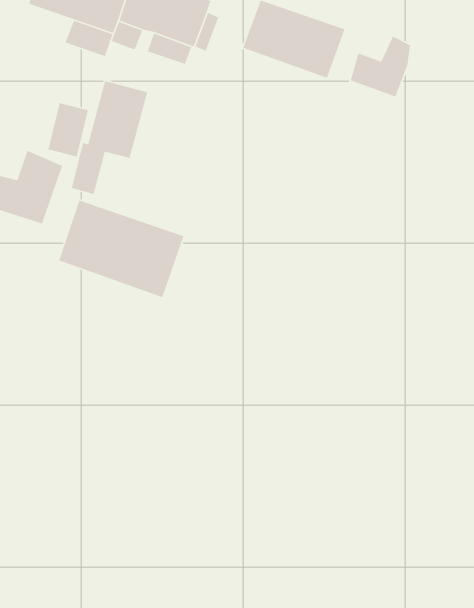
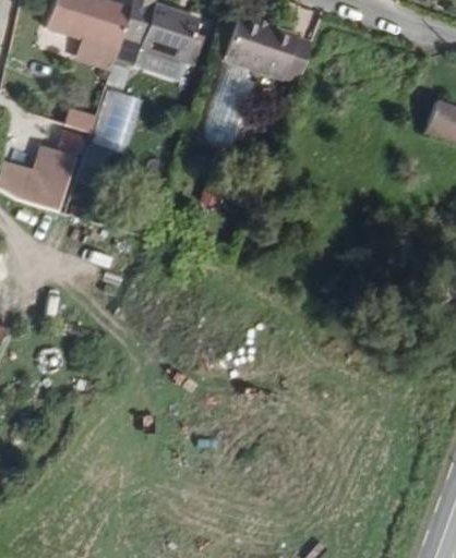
building: [350,35,411,97] -> none
building: [58,199,185,298] -> none

